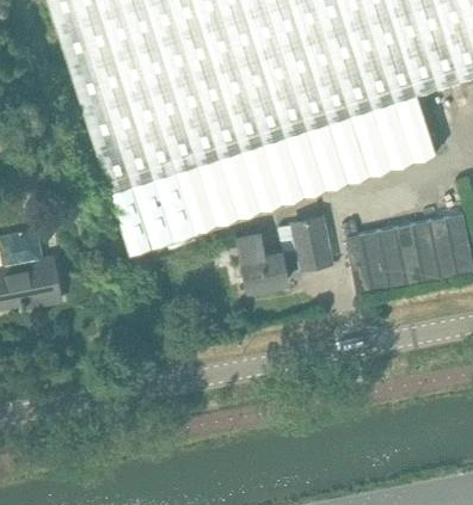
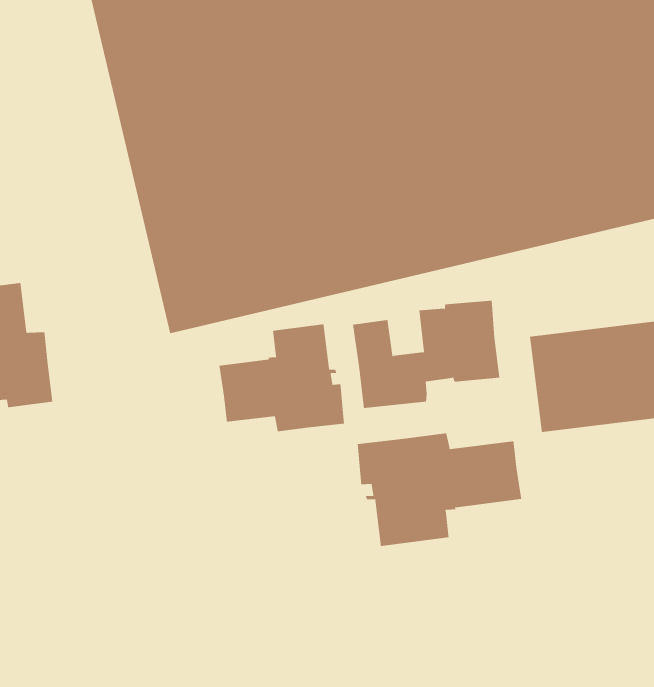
building: none -> [219,323,345,432]
building: none -> [357,433,522,547]

